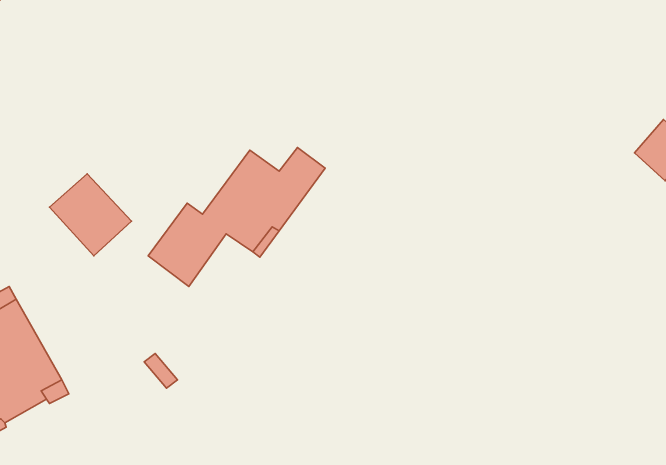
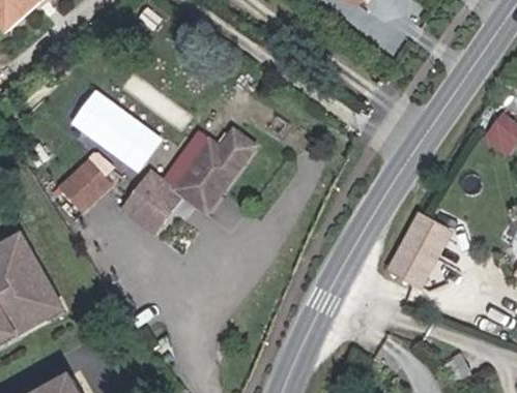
building: none -> [74,87,166,170]
building: none -> [389,208,456,286]

